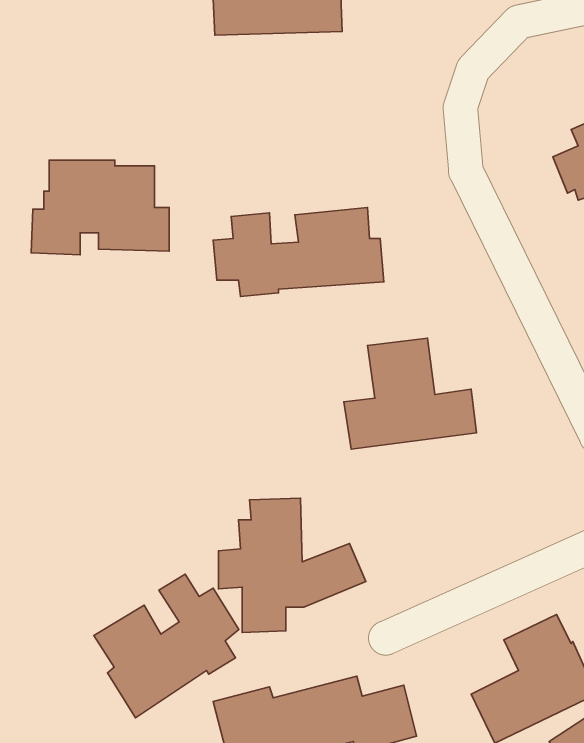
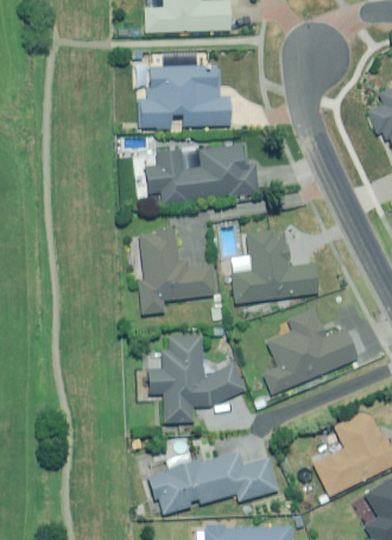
building: [31,160,169,255] -> [139,66,229,128]
building: none -> [138,233,216,315]
building: none -> [264,310,359,394]
building: [94,574,239,718] -> none

